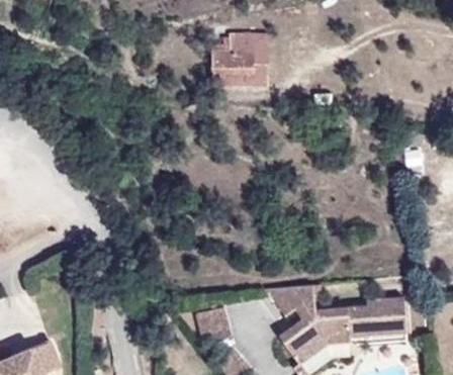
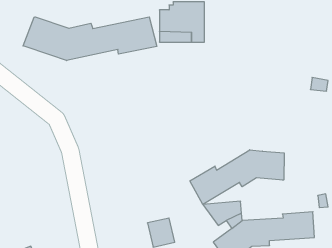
building: none -> [23,17,157,61]
building: none -> [190,150,284,204]

